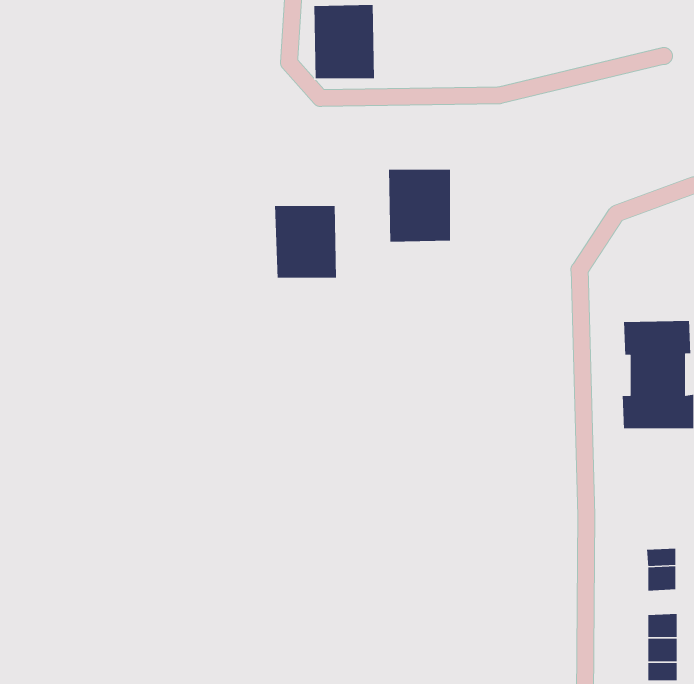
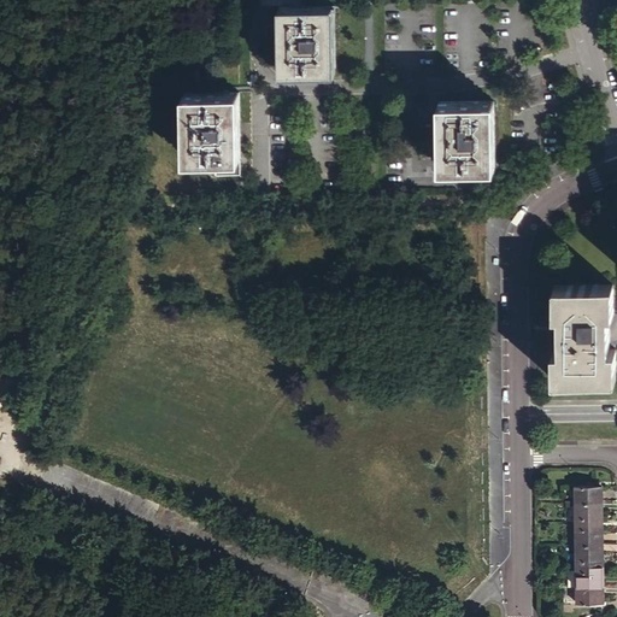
building: [388,169,451,242] -> [435,112,490,177]
building: [274,205,337,279] -> [181,100,236,165]
building: none -> [572,533,599,554]

